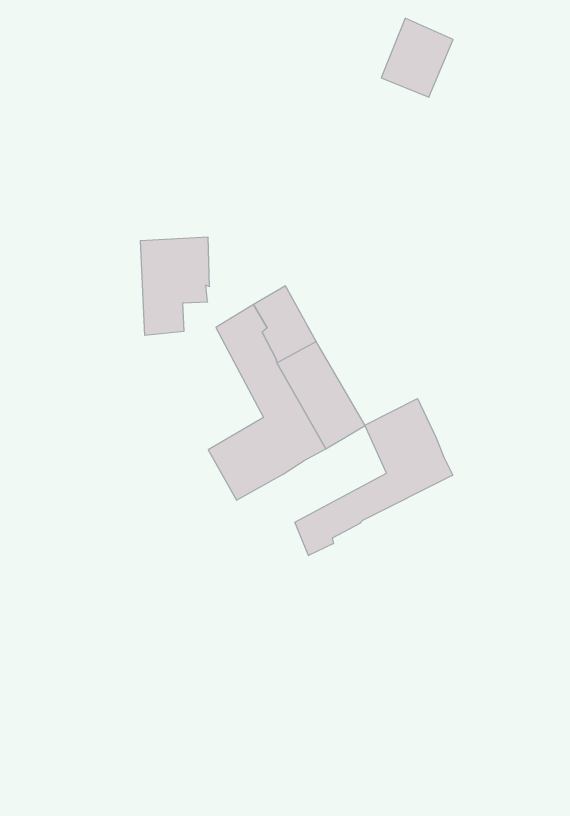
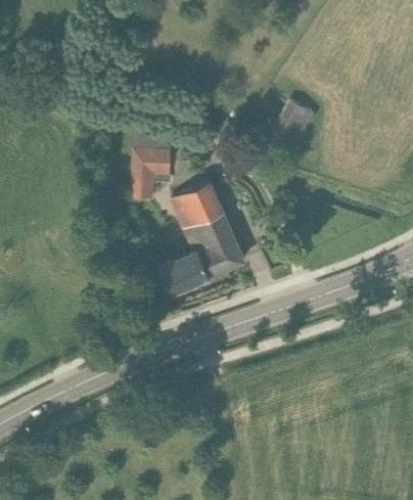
building: [381,18,453,97] -> [276,97,317,141]
building: [295,399,453,556] -> none

